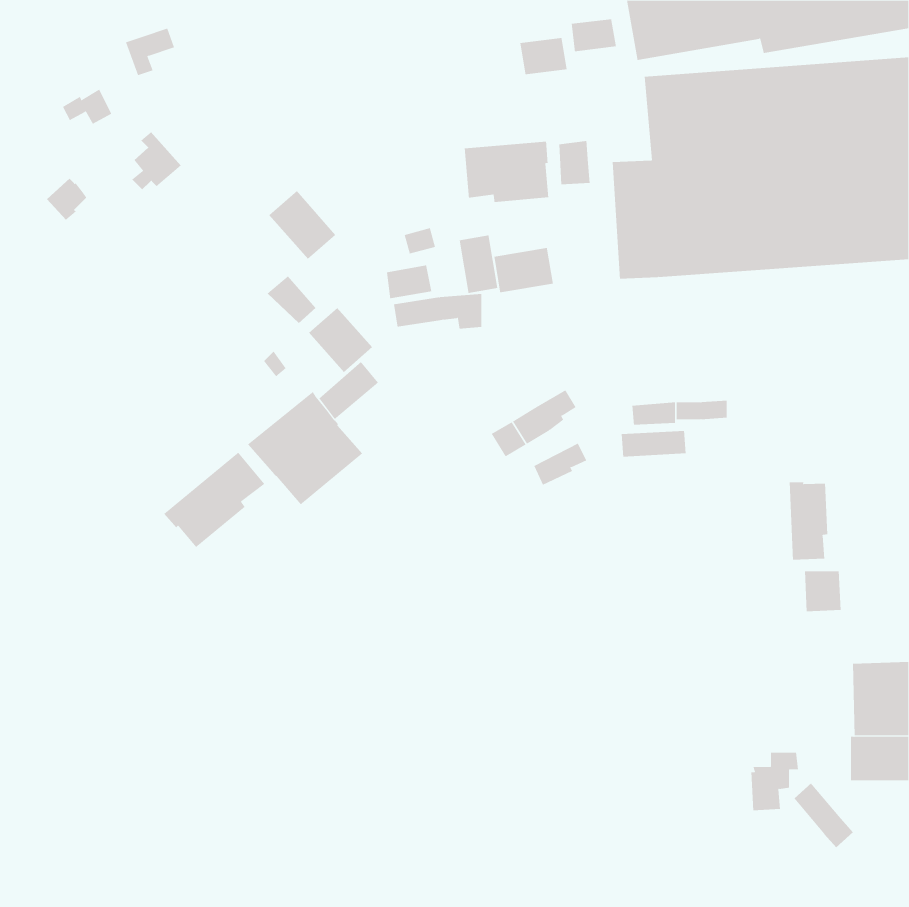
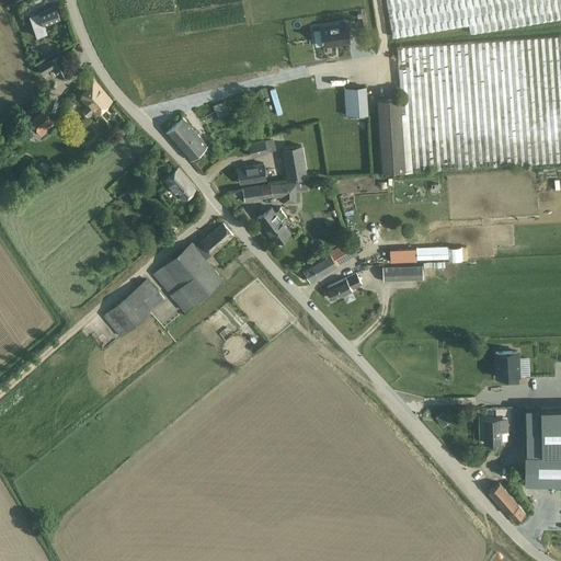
building: [571,18,617,52] -> none
building: [125,28,175,76] -> [30,8,60,37]
building: [464,141,549,203] -> none
building: [494,247,554,293] -> none
building: [308,307,373,373] -> none
building: none -> [257,208,290,244]
building: [789,482,828,561] -> none
building: [751,752,799,811] -> [483,409,513,445]

